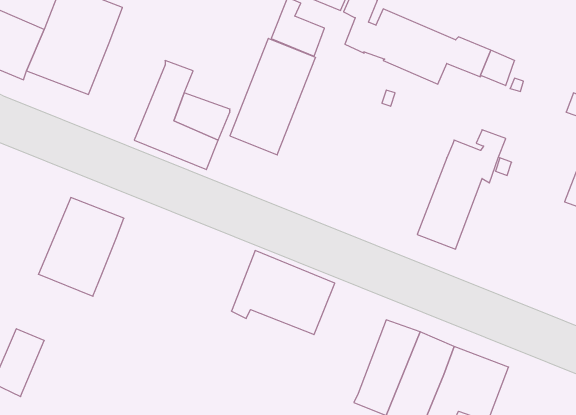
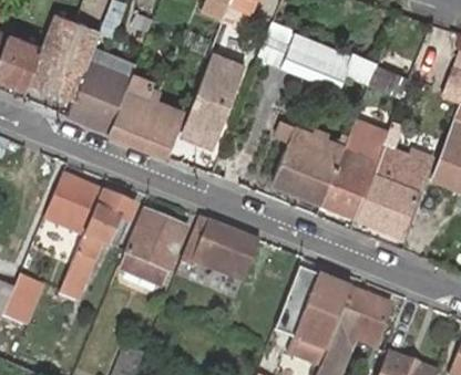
building: none -> [69,60,133,133]
building: none -> [273,122,349,204]
building: none -> [359,150,434,235]
building: none -> [61,192,136,302]
building: none -> [122,210,187,287]

